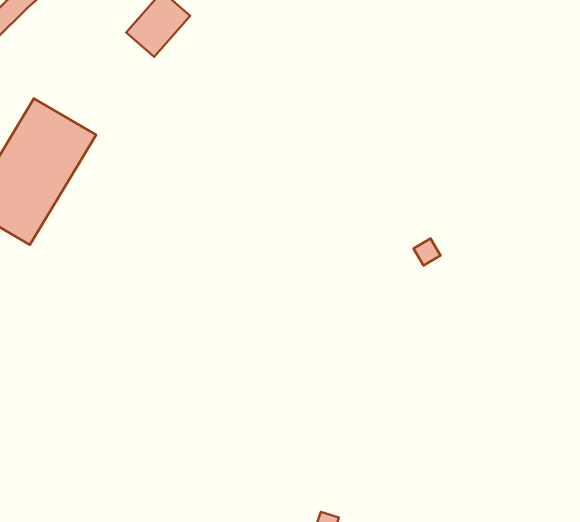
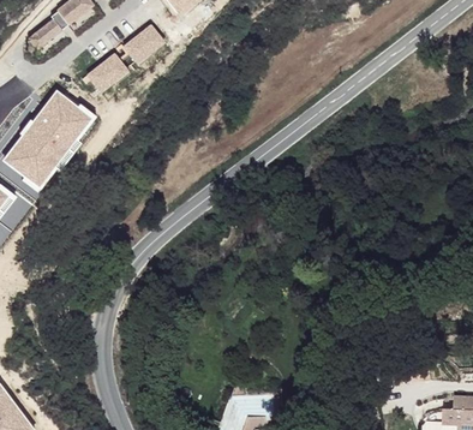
building: none -> [89,54,134,96]

